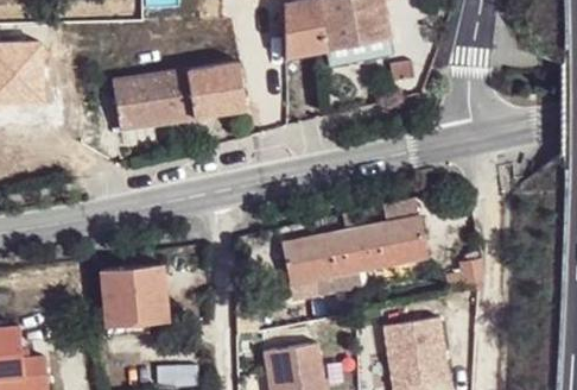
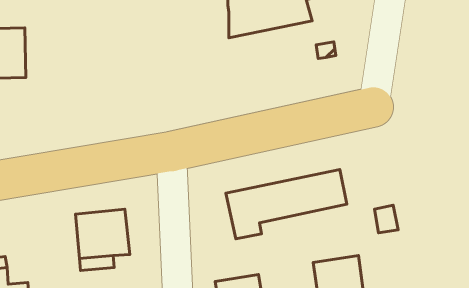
building: [112,62,274,130] -> none

